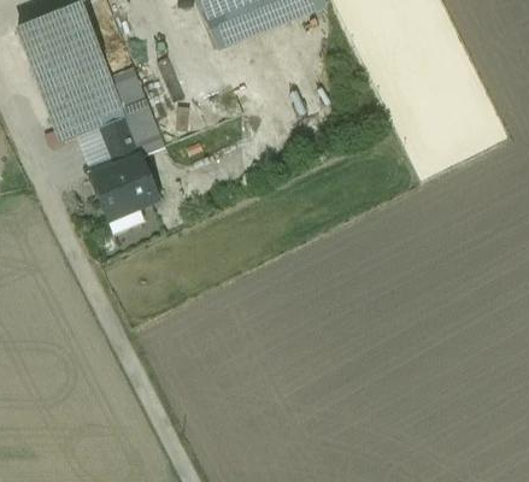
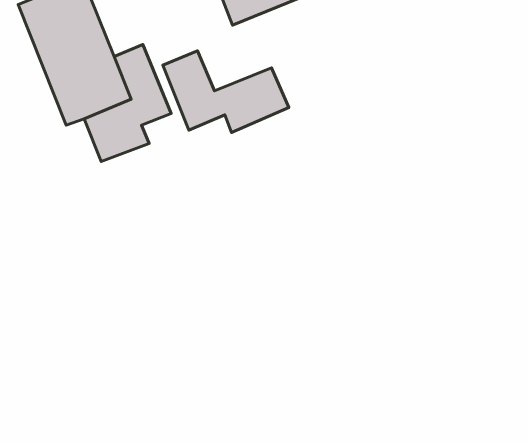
building: none -> [163,51,289,132]
building: [92,157,158,219] -> none

